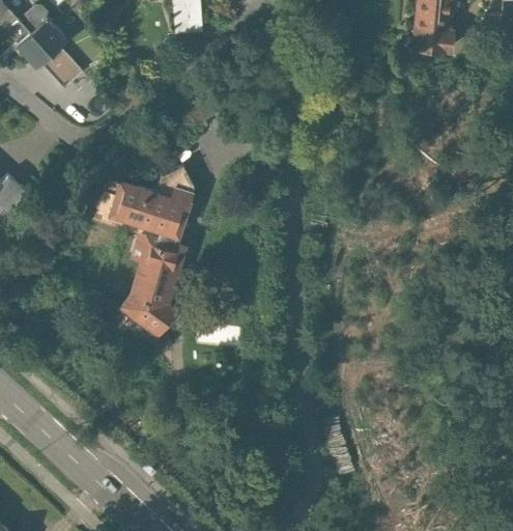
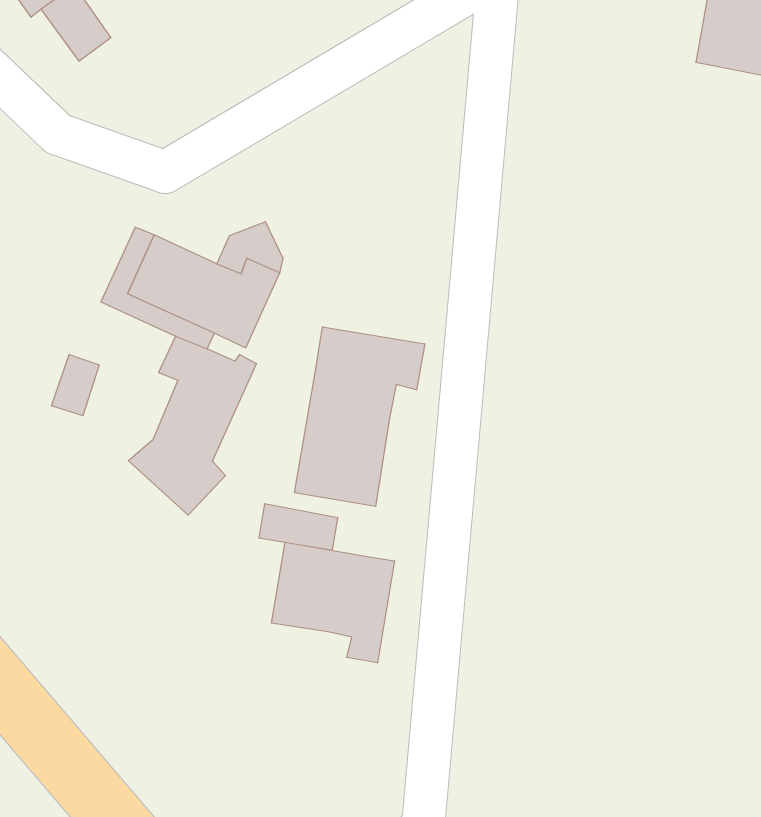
building: none -> [295,327,425,506]
building: none -> [52,354,99,416]
building: none -> [272,542,394,663]

